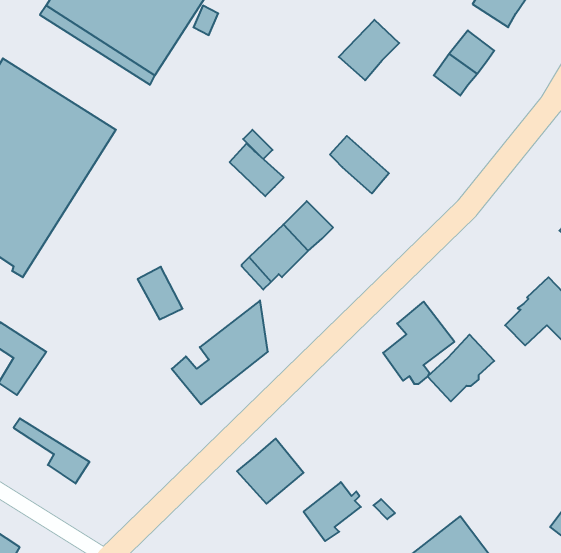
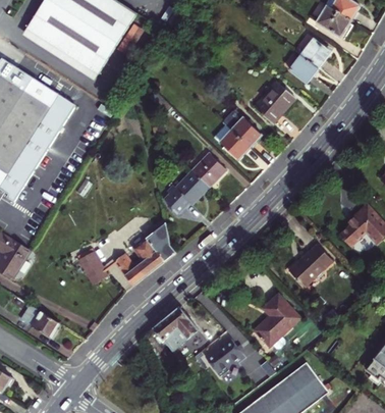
building: [339,20,399,80] -> [251,83,290,122]
building: [230,144,284,196] -> [211,125,246,160]
building: [138,267,183,319] -> [78,250,108,285]
building: [383,302,454,384] -> [251,291,297,345]

